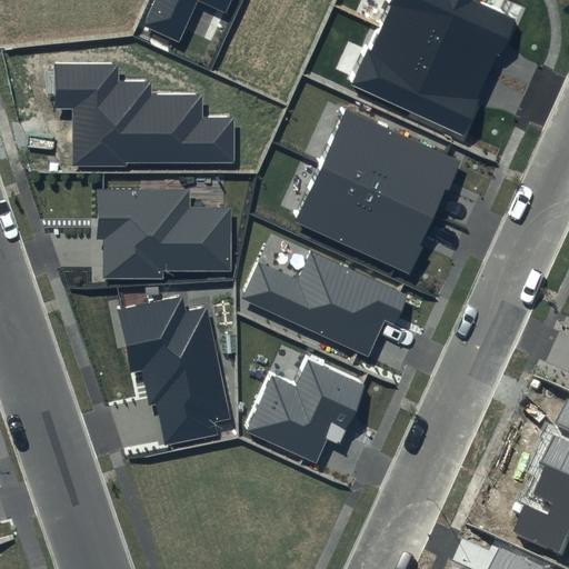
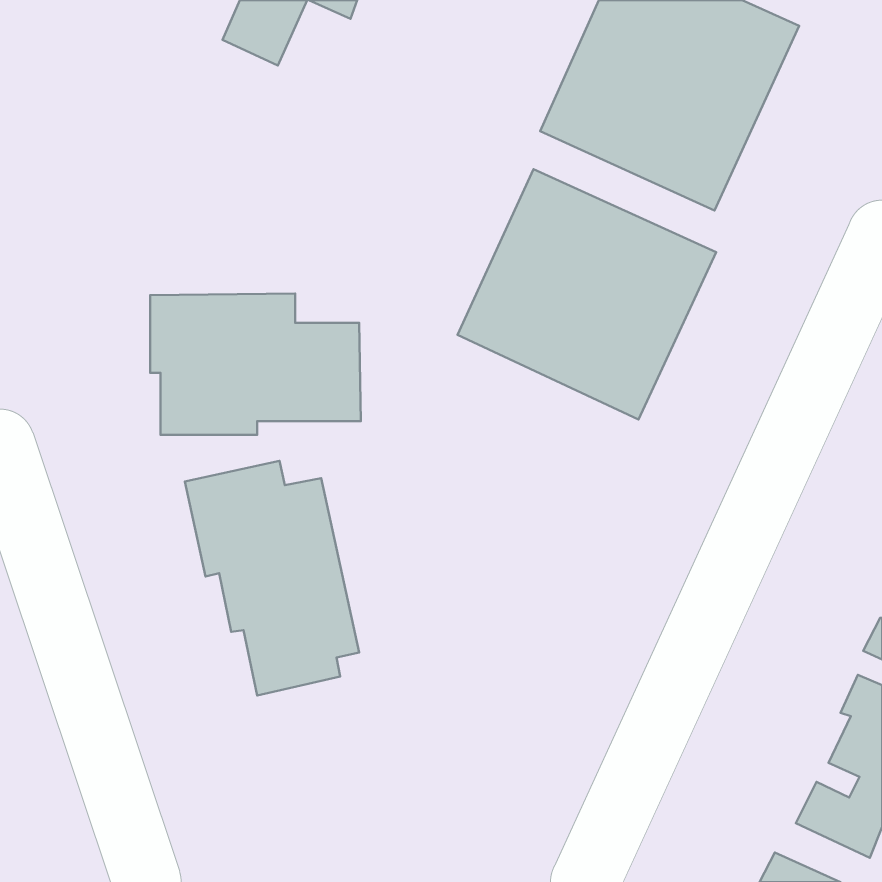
building: [56,63,236,163] -> none
building: [242,252,407,355] -> none
building: [244,355,366,461] -> none

